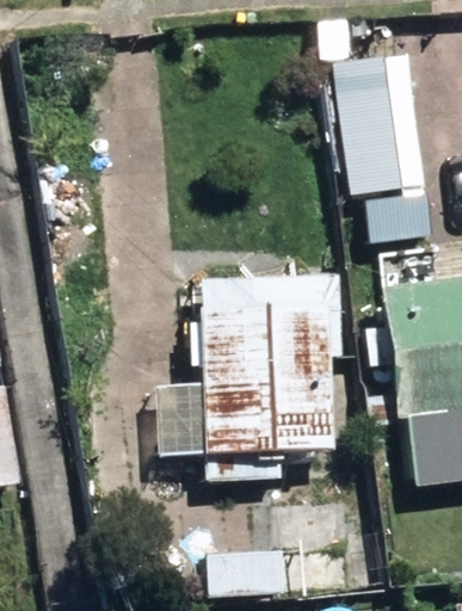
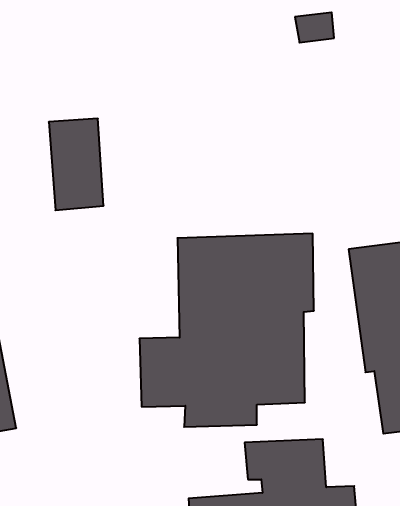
building: [322,67,420,172] -> none

